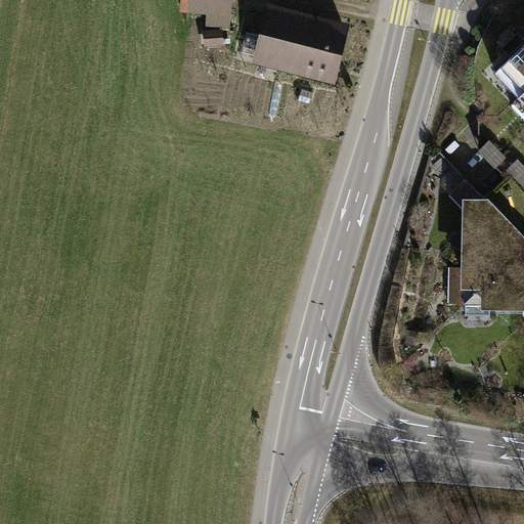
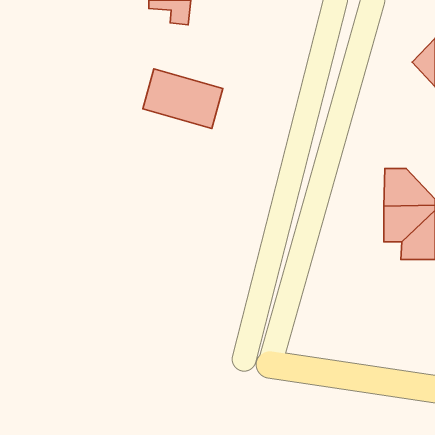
building: [251,7,347,79] -> [143,69,223,128]

